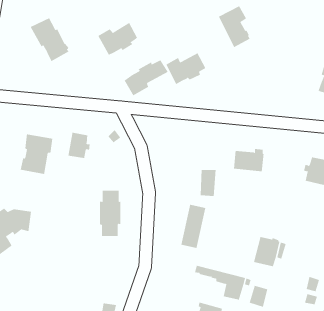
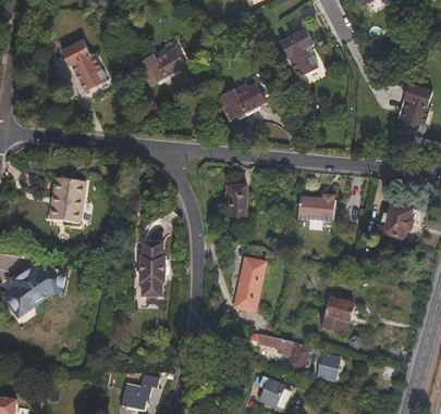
building: [124,60,169,96] -> none
building: [68,132,90,159] -> none
building: [200,170,216,196] -> [228,185,247,216]

